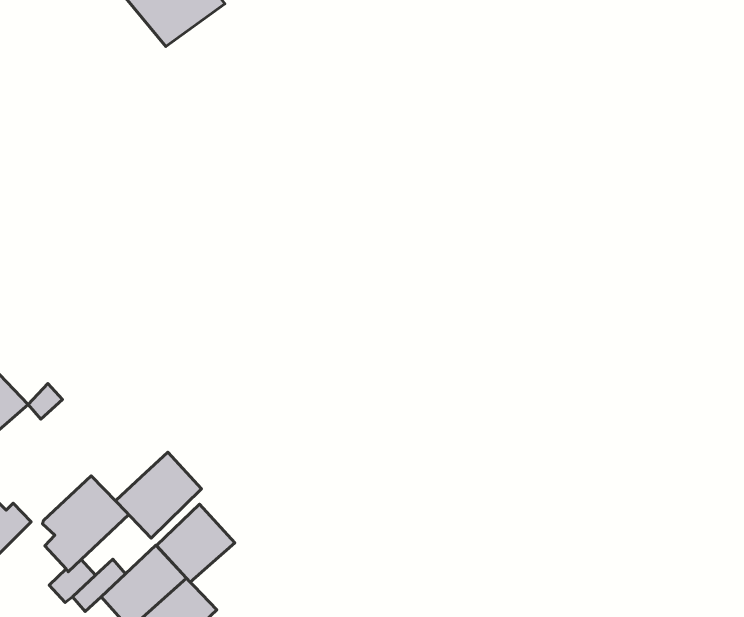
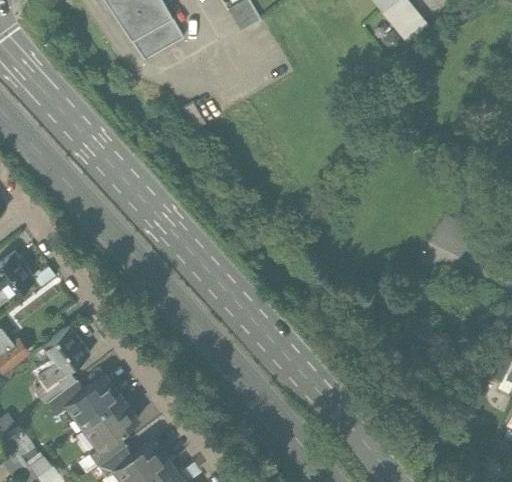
building: [116,452,202,538] -> none
building: [156,504,235,582] -> none

